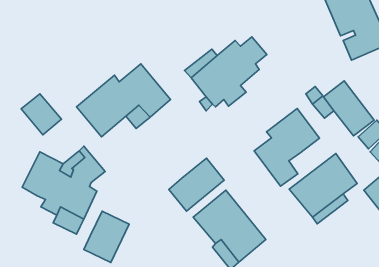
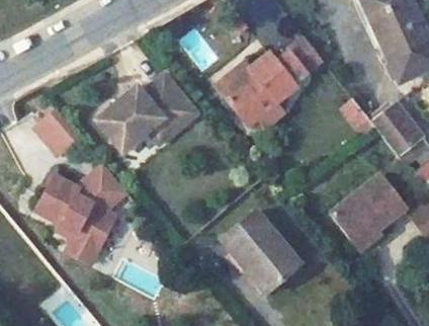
building: [254,108,320,186] -> none
building: [169,158,224,211] -> none
building: [84,211,129,262] -> none

